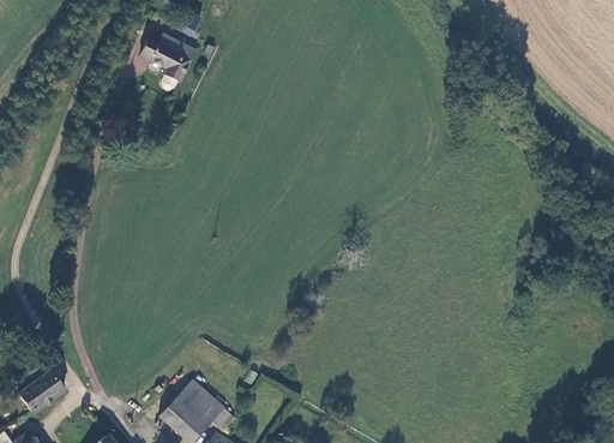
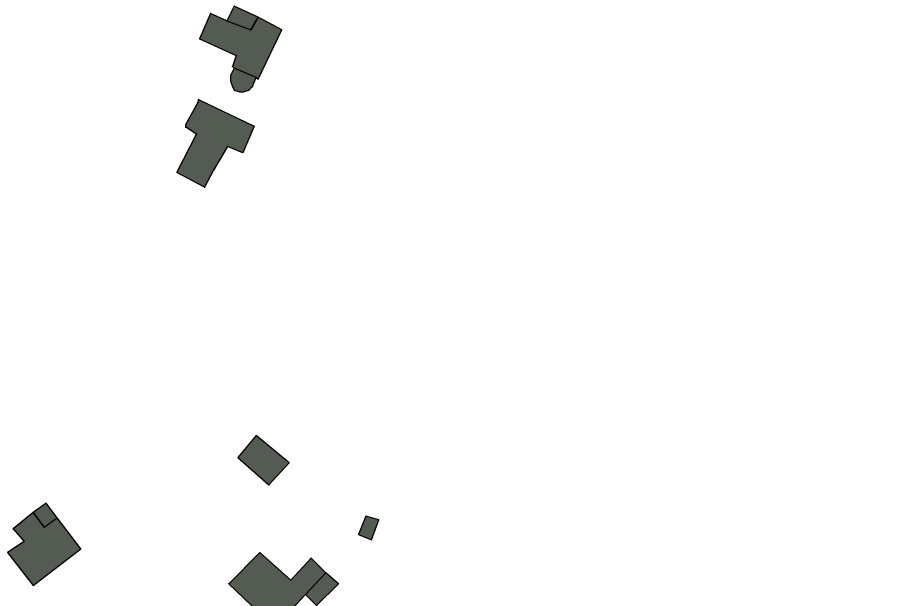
building: none -> [177,99,254,187]
building: [180,379,213,412] -> [238,436,289,485]

